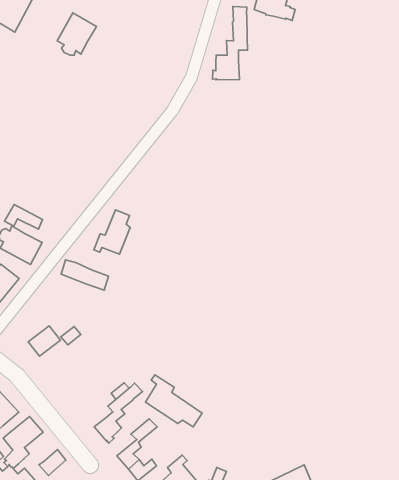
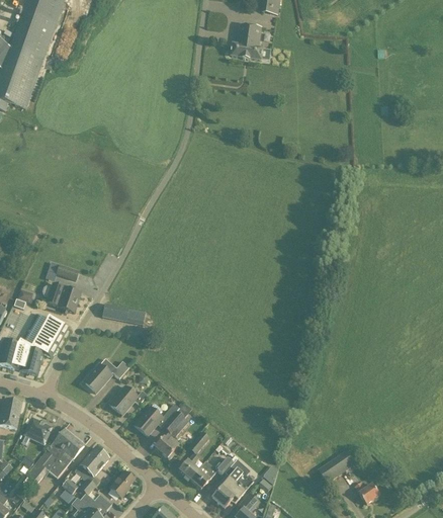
building: [213,6,247,80] -> none
building: [57,13,96,55] -> none
building: [94,210,130,254] -> none
building: none -> [109,385,147,414]
building: [146,375,202,427] -> none
building: none -> [134,406,162,435]

